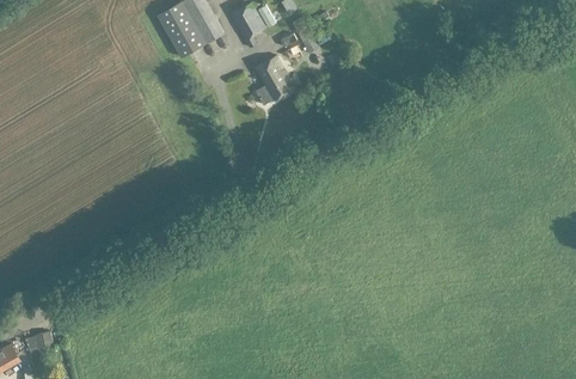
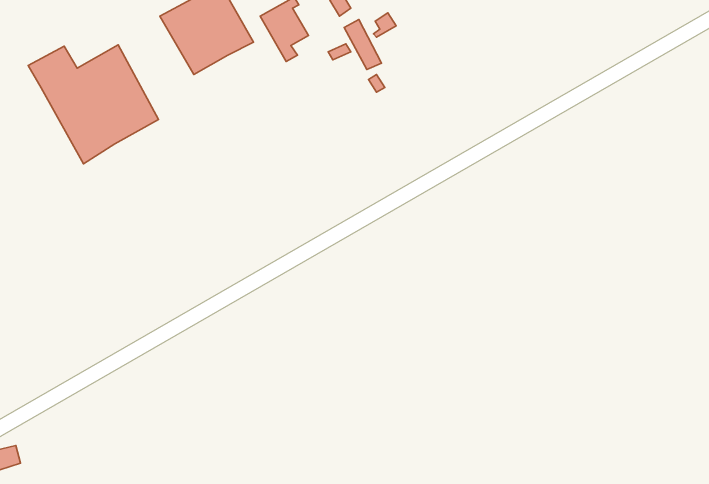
building: none -> [28,45,159,164]
building: [253,56,295,106] -> none

